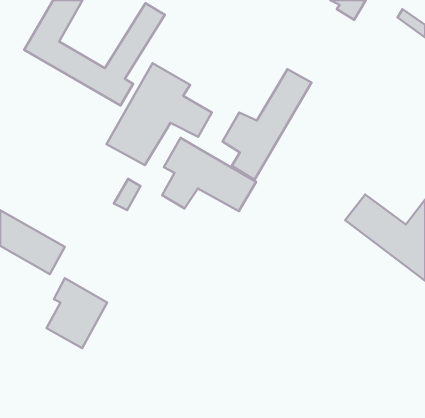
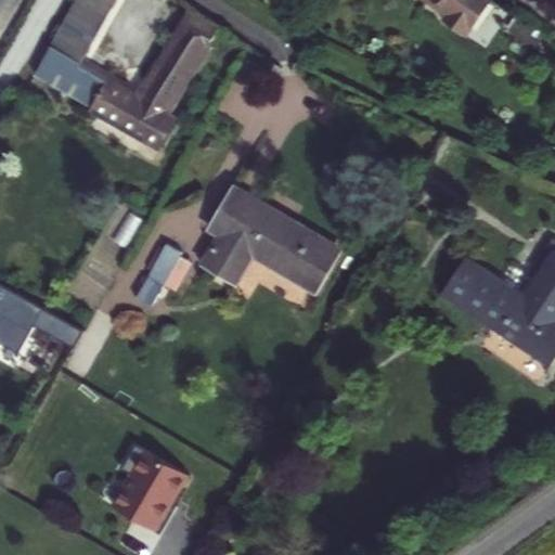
building: [107,63,212,165] -> none
building: [223,69,311,180] -> none
building: [46,278,107,348] -> [113,452,192,543]

